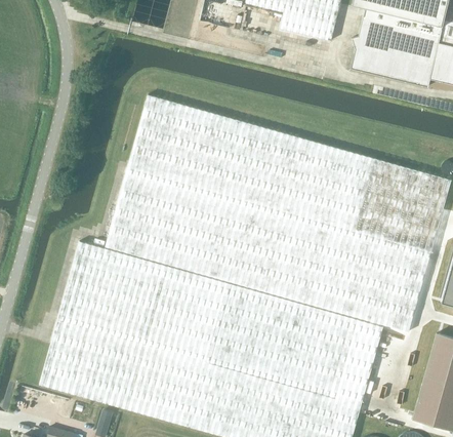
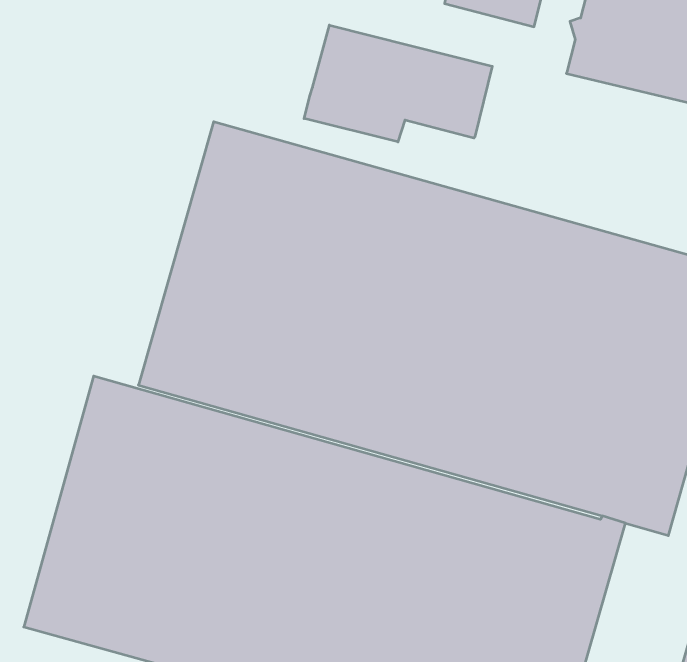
building: none -> [304,25,492,142]

